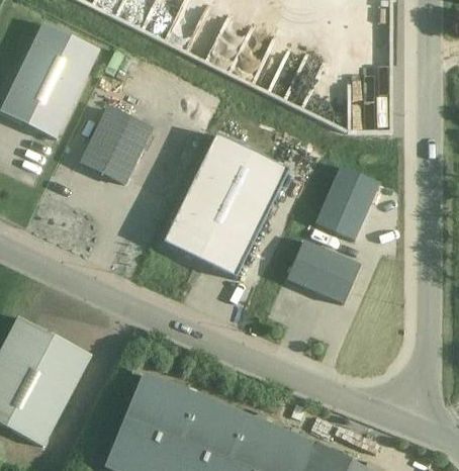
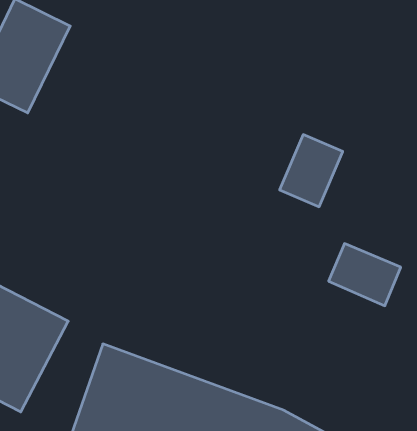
building: [81,107,151,183] -> none
building: [163,133,289,279] -> none
building: [286,240,360,303] -> [329,244,401,306]

